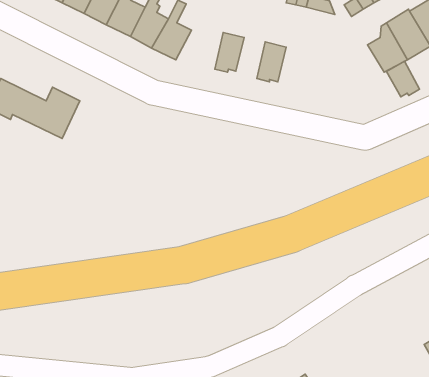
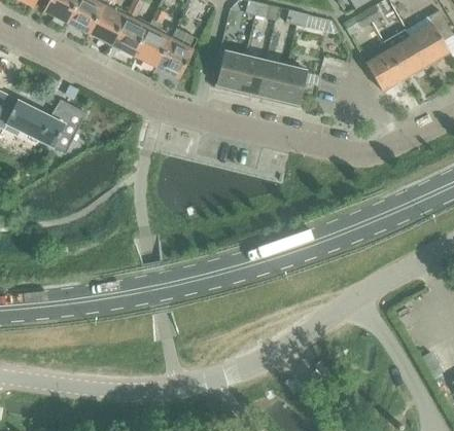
building: none -> [238,56,267,96]
building: none -> [279,65,308,106]
building: [386,61,420,97] -> none

